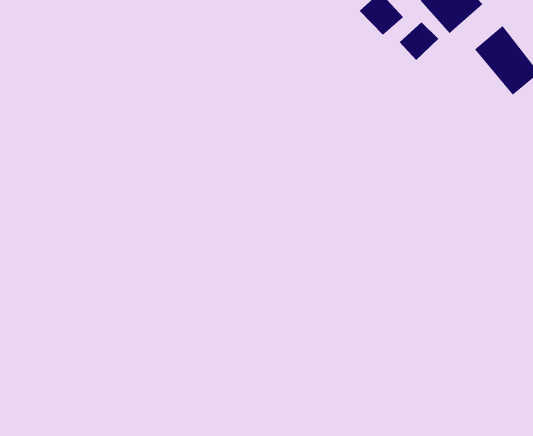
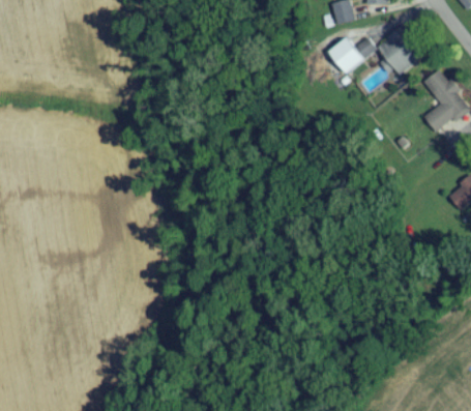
building: [399,21,439,61] -> none

